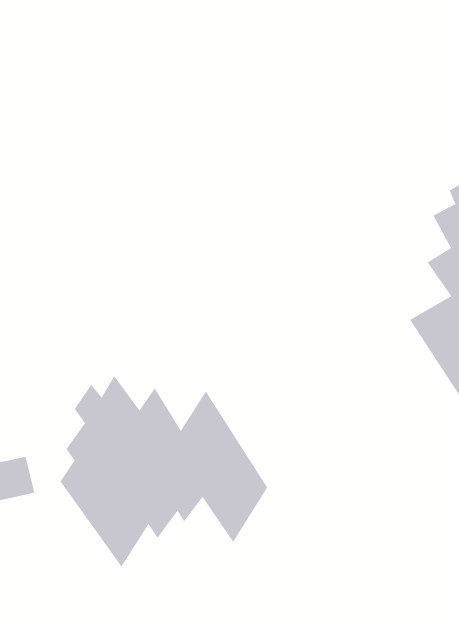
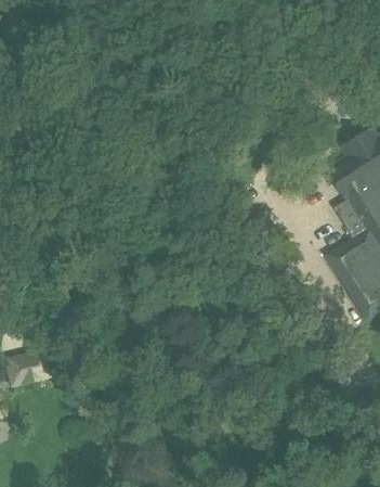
building: [60,375,268,567] -> none

